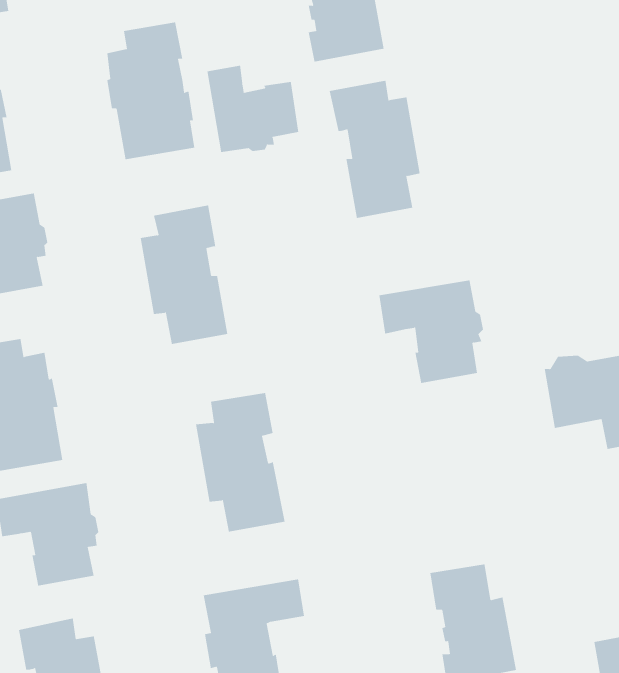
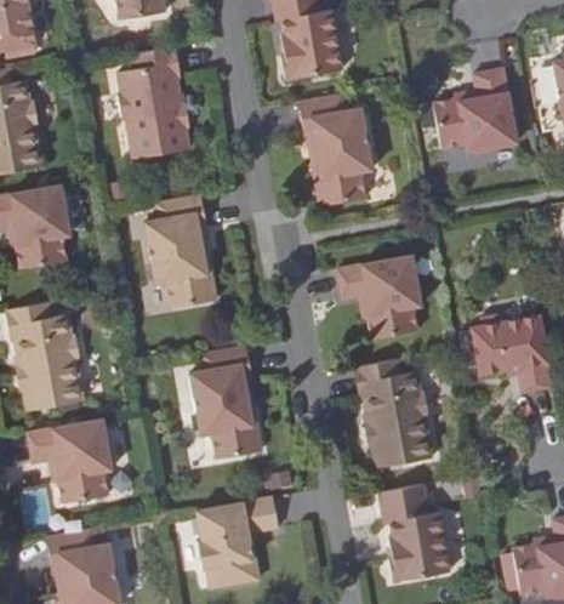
building: none -> [432,69,517,154]
building: [207,65,299,153] -> none
building: none -> [354,360,432,468]

